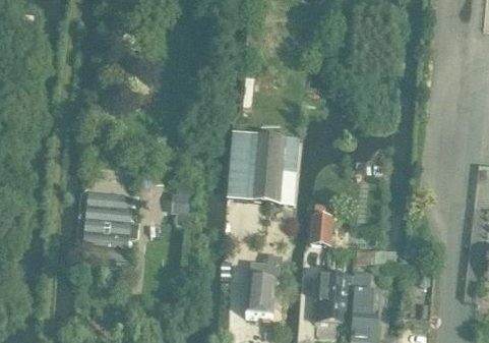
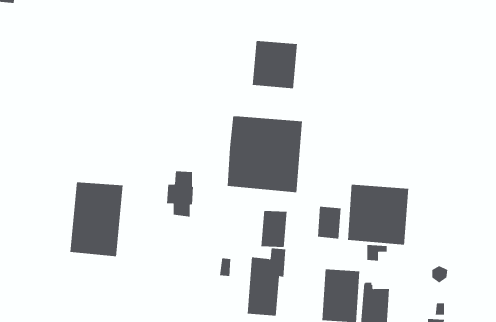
building: none -> [252,40,297,89]
building: none -> [347,184,409,245]
building: none -> [261,210,287,248]

